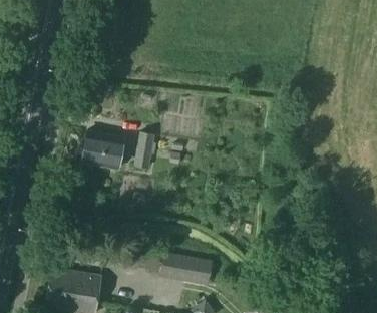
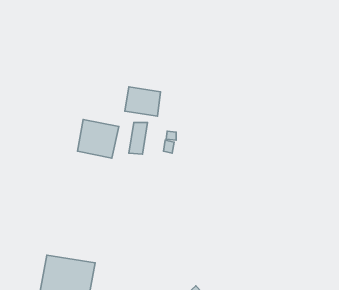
building: none -> [125,87,161,116]
building: [160,252,212,283] -> none

